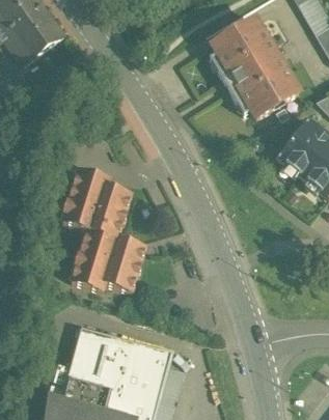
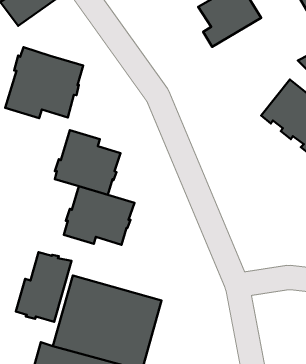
building: [226,56,299,117] -> none
building: none -> [5,47,83,118]
building: none -> [16,252,71,322]

